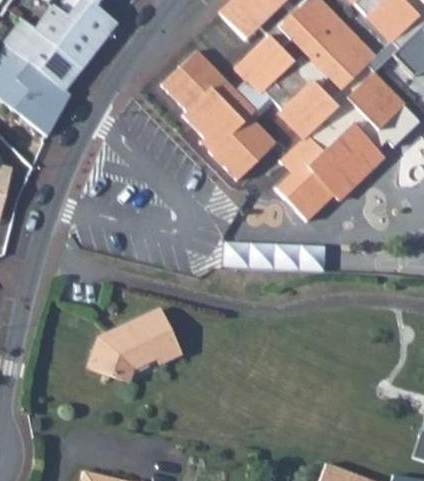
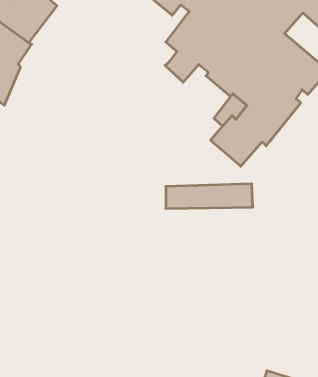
building: [165,58,281,187] -> none
building: [82,309,166,374] -> none

